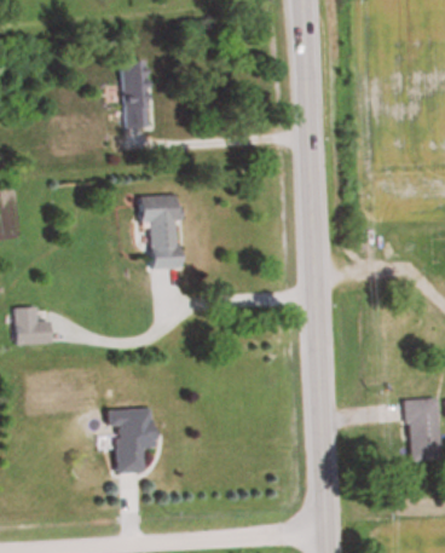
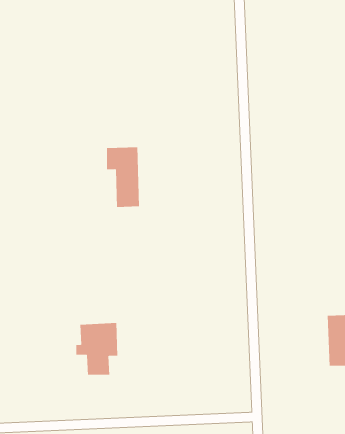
building: [121,61,148,128] -> none
building: [18,306,53,344] -> none

